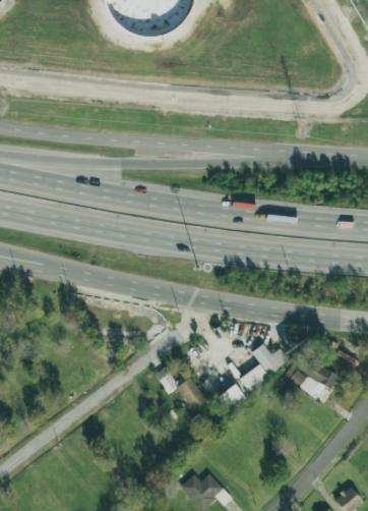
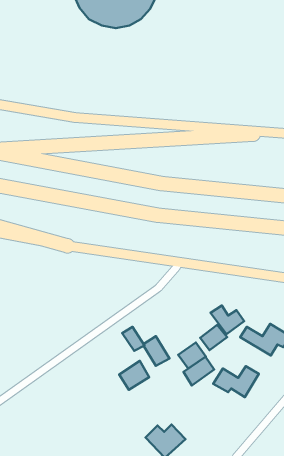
building: none -> [184,357,214,386]
building: none -> [119,361,149,390]
building: none -> [213,366,259,397]

